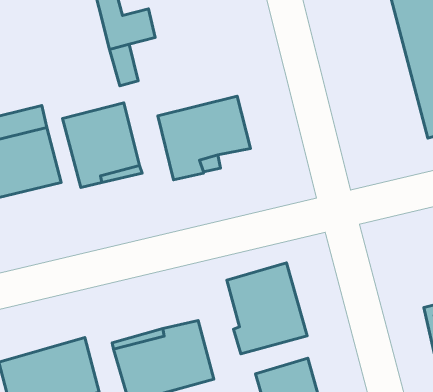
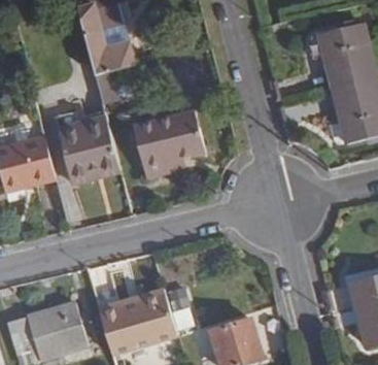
building: [227,263,307,354] -> none

